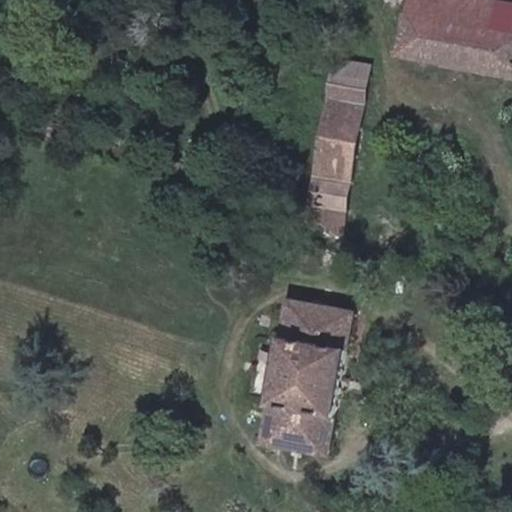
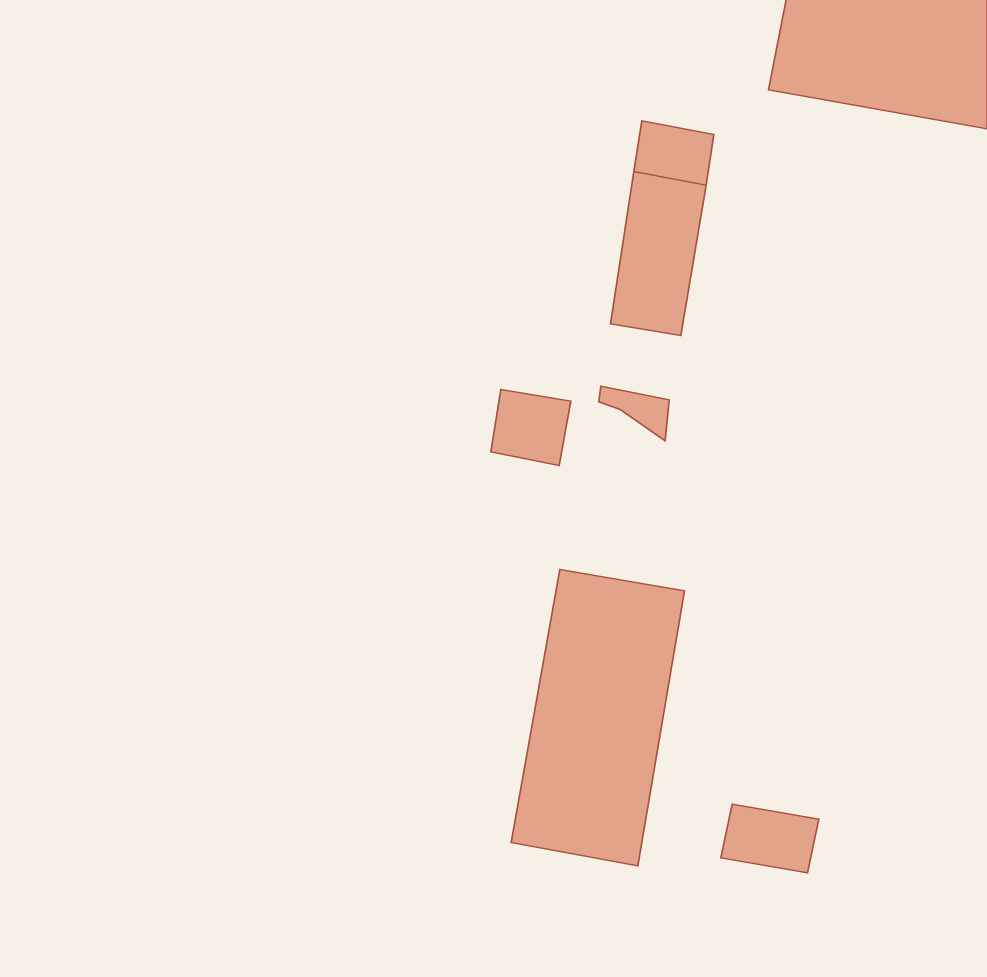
building: [308,166,349,205] -> [491,390,571,466]
building: none -> [721,804,819,873]

